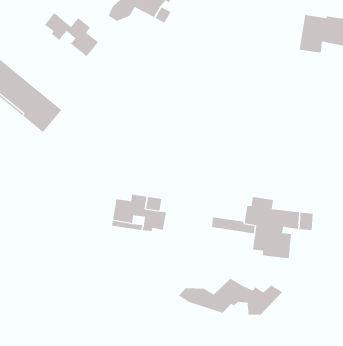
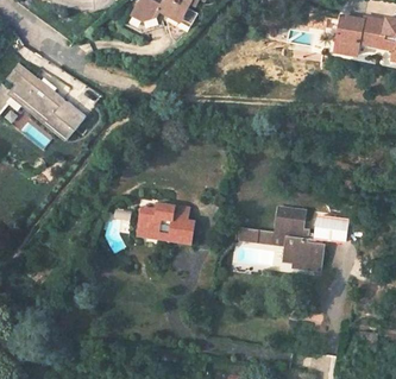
building: [44,12,99,57] -> none
building: [178,278,283,316] -> none

